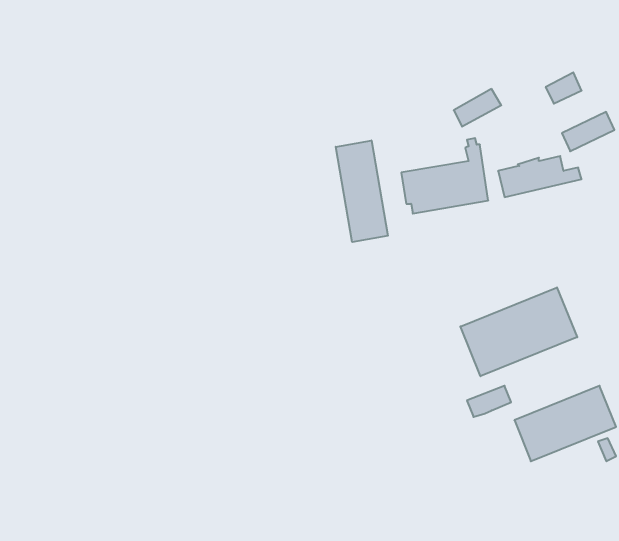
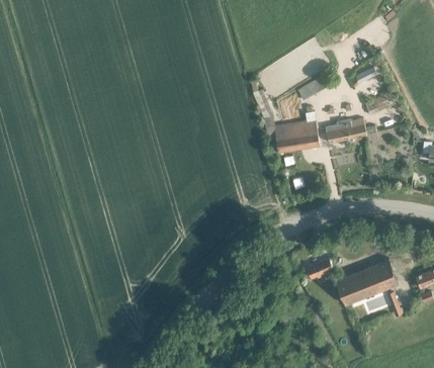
building: [336,140,388,242] -> none
building: [460,287,577,376] -> none

